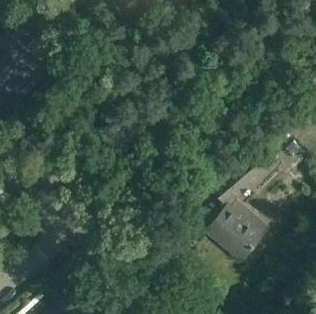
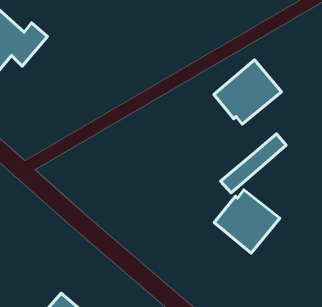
building: none -> [214,60,282,124]

